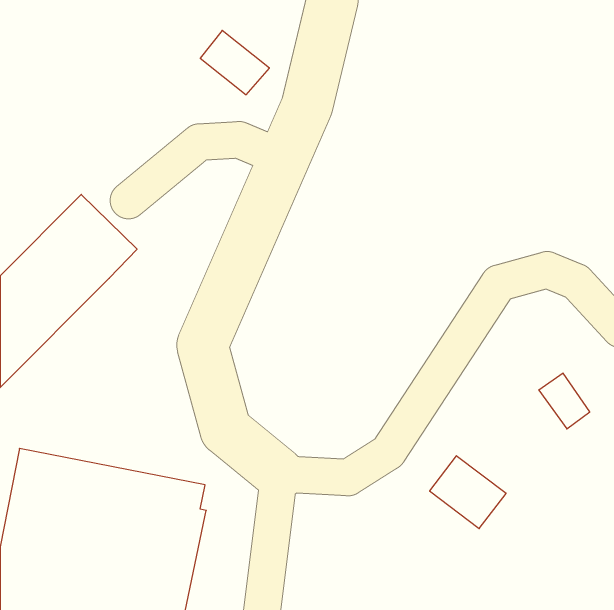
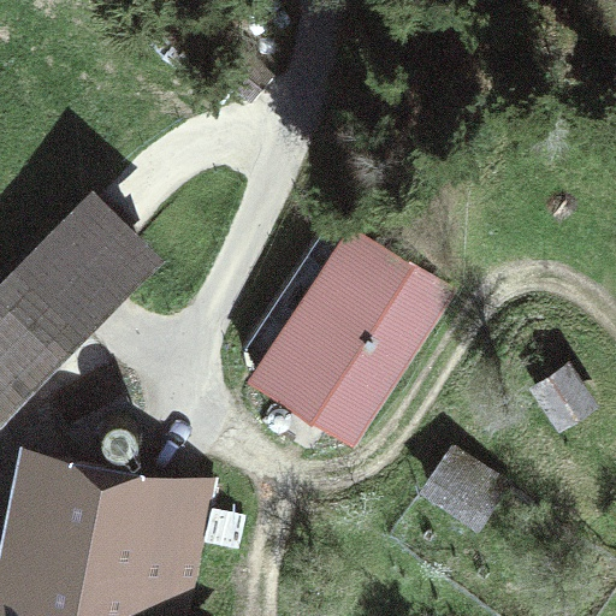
building: none -> [242,220,445,438]

